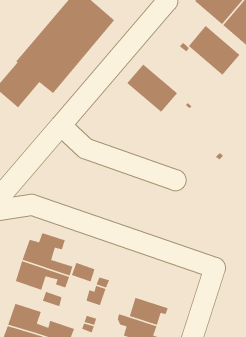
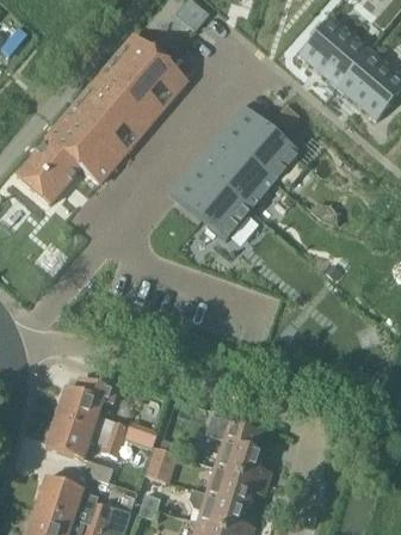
building: [188,25,241,76] -> [226,110,300,182]
building: none -> [177,167,251,239]
building: none -> [206,414,265,482]

